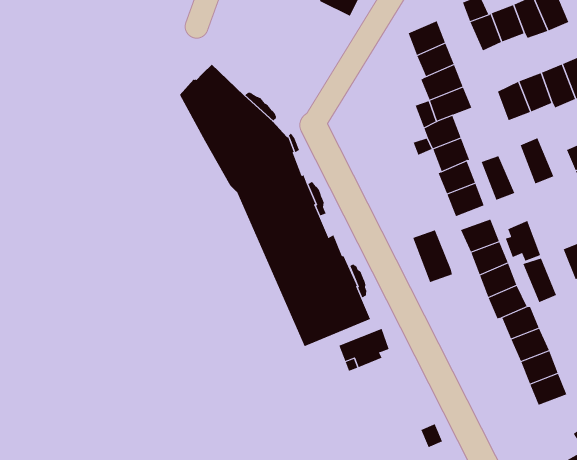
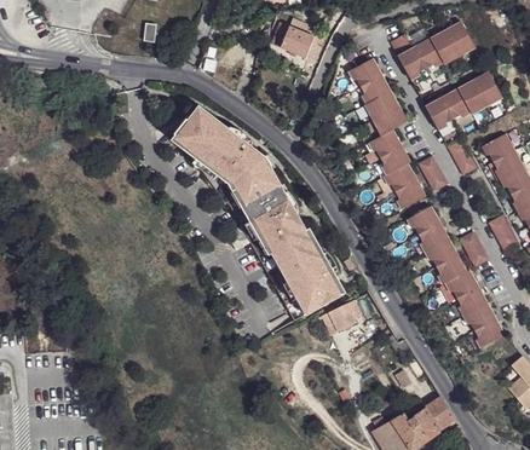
building: [505,220,541,262] -> none
building: [412,230,453,283] -> none

